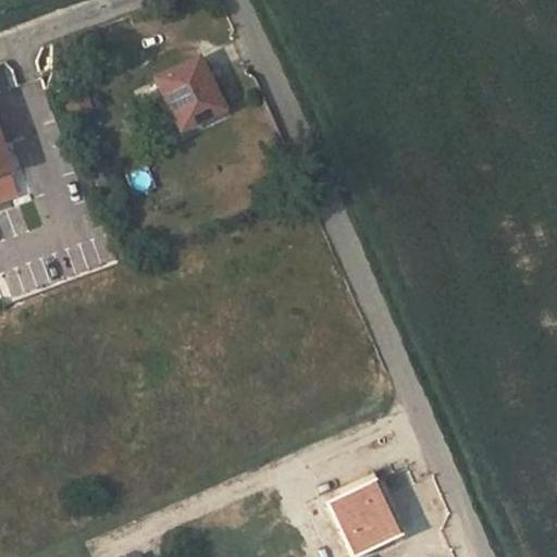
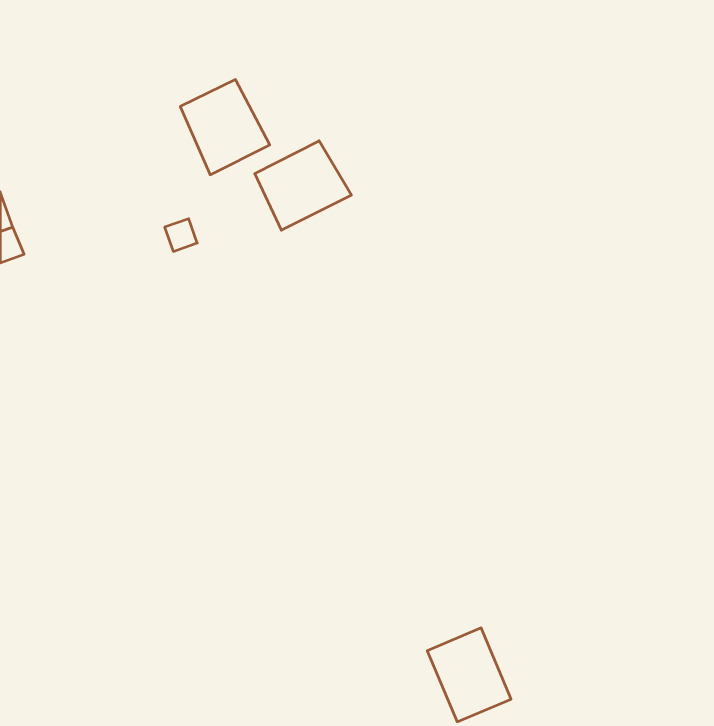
building: none -> [255,141,351,230]

